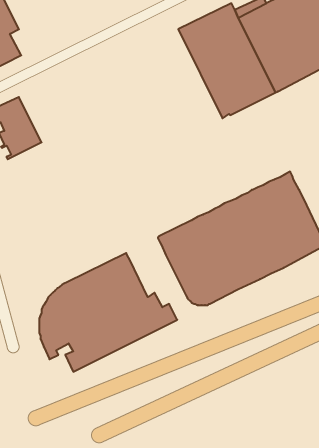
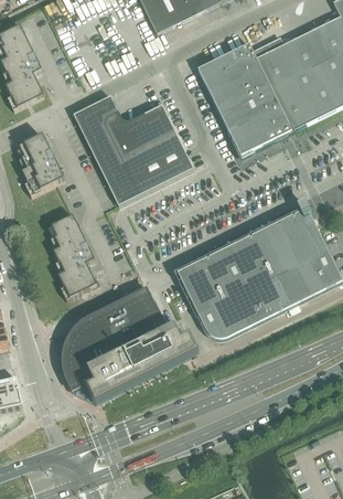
building: none -> [73,95,193,204]
building: none -> [47,214,96,299]

